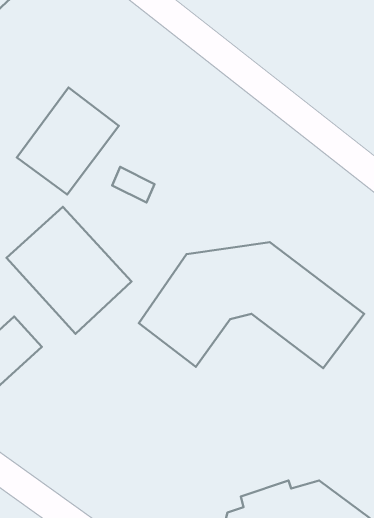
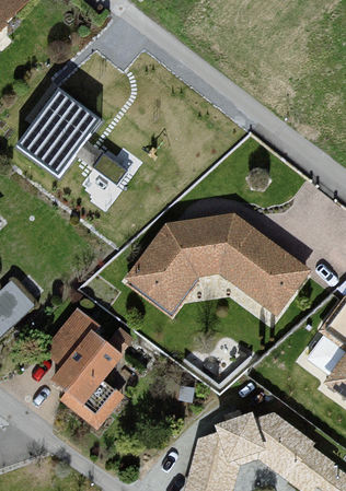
building: [7,207,132,334] -> none
building: none -> [51,311,137,425]

